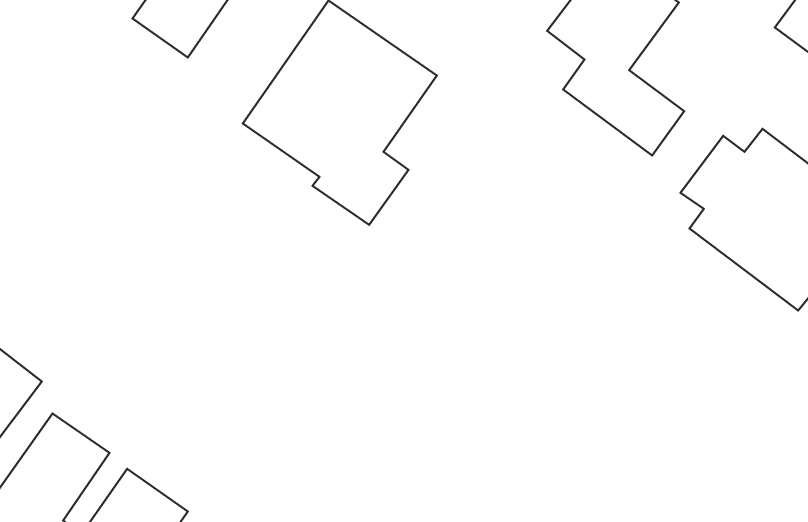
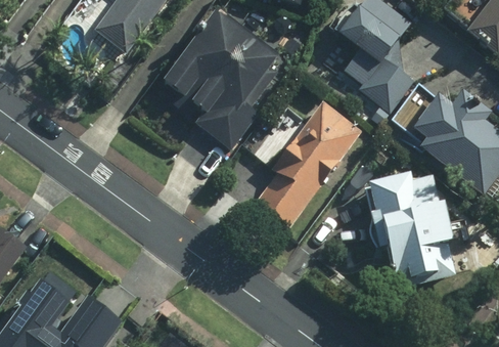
building: none -> [257,103,360,223]
building: none -> [366,170,452,289]

